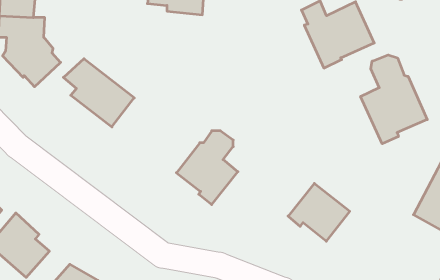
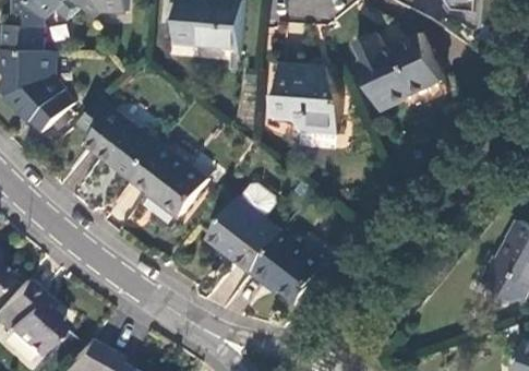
building: none -> [270,64,339,135]
building: [361,55,427,144] -> none
building: none -> [133,144,206,216]
building: [288,183,350,241] -> [250,232,322,300]

